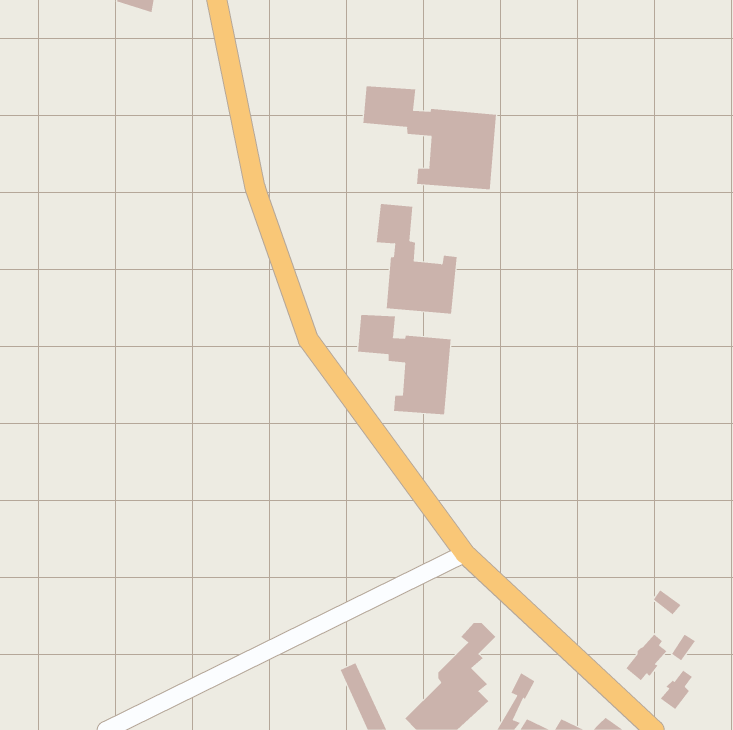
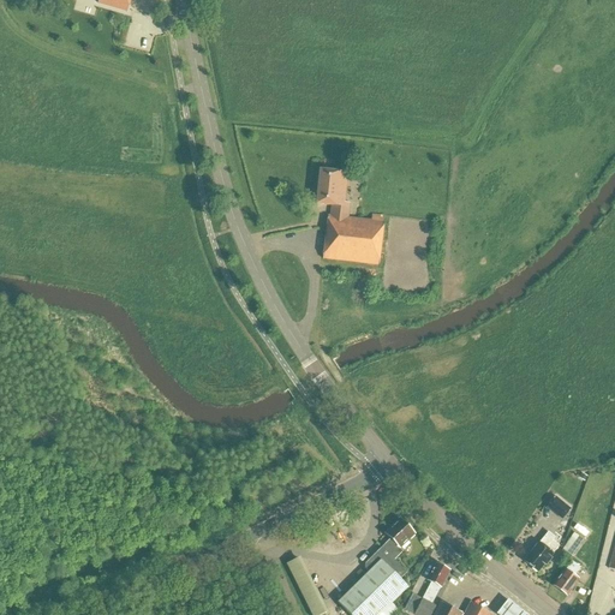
building: [363,86,497,190] -> none
building: [358,314,451,415] -> none

